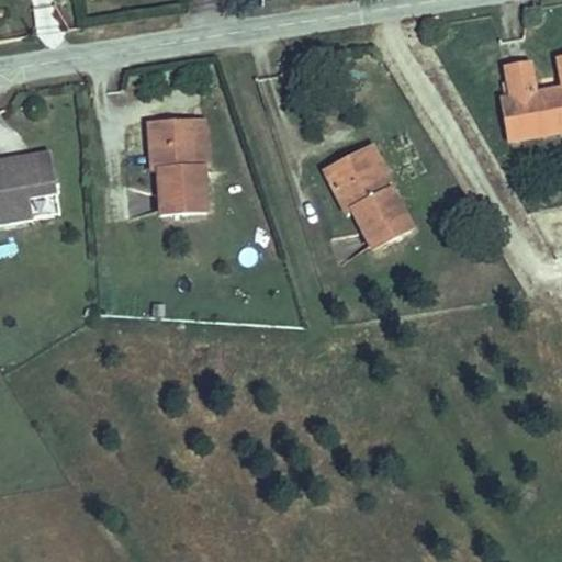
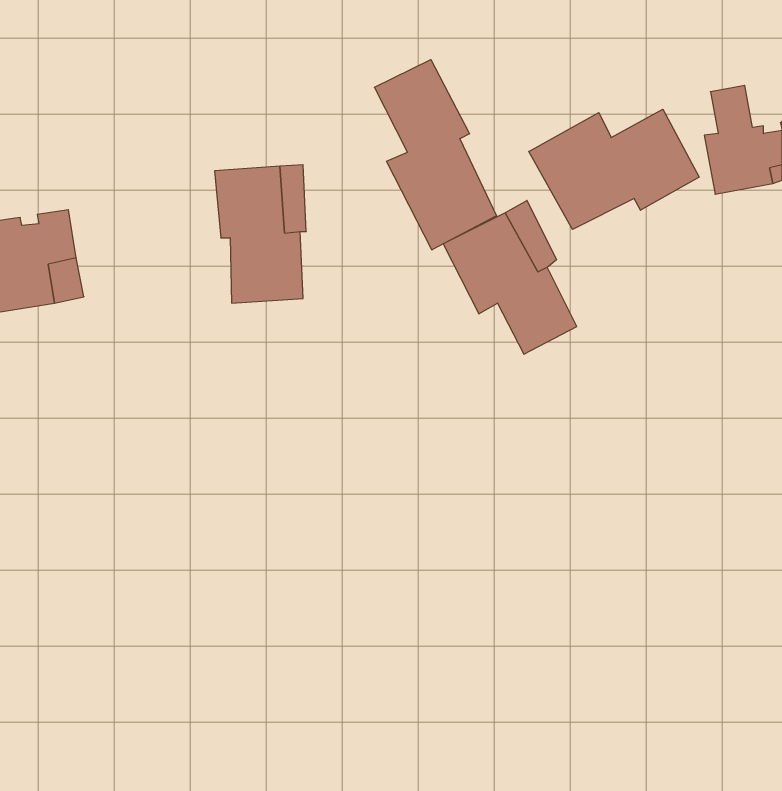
building: none -> [374,60,497,250]
building: none -> [529,109,699,229]

